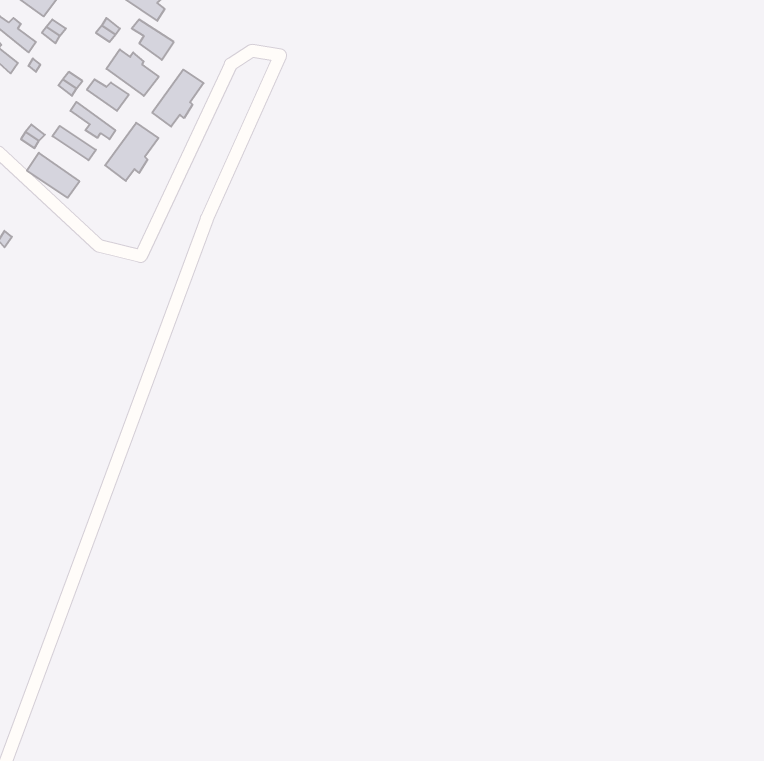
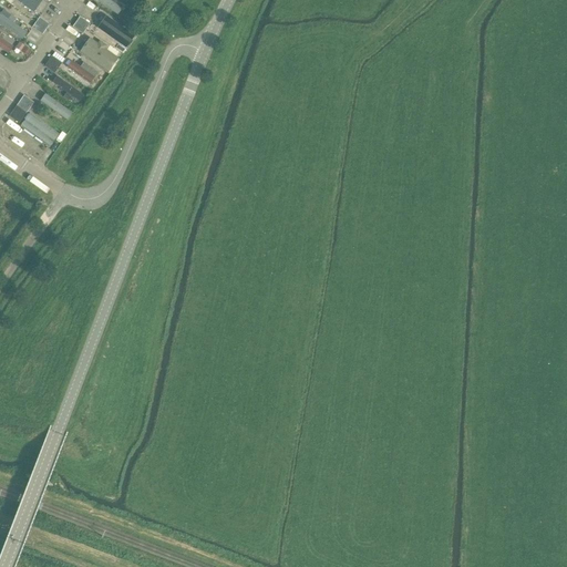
building: [152,70,204,127] -> none
building: [105,123,158,181] -> none

